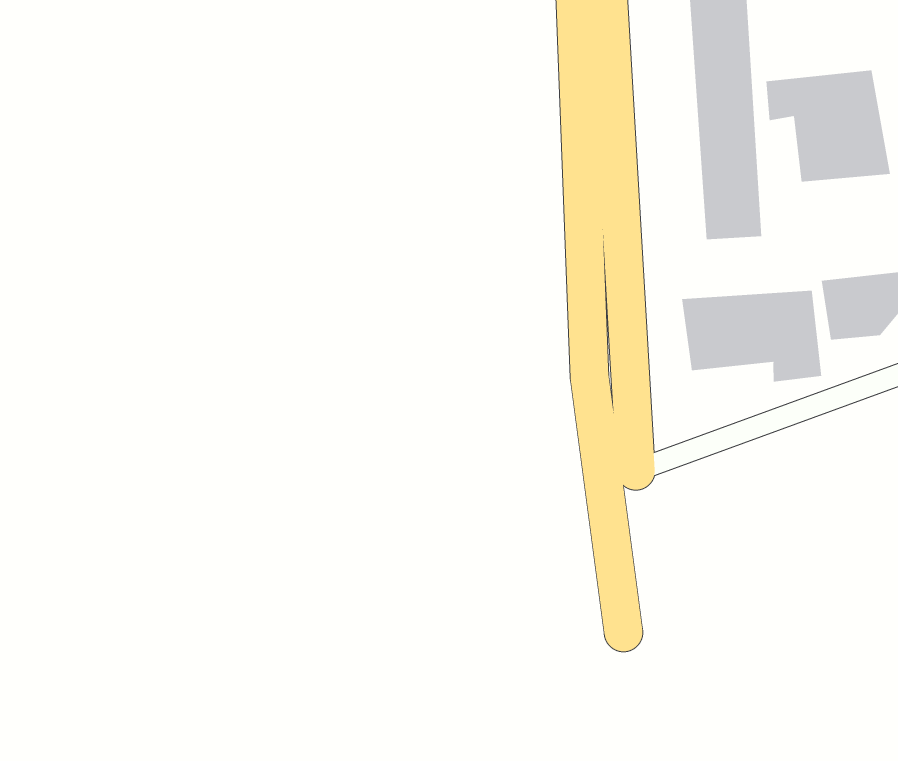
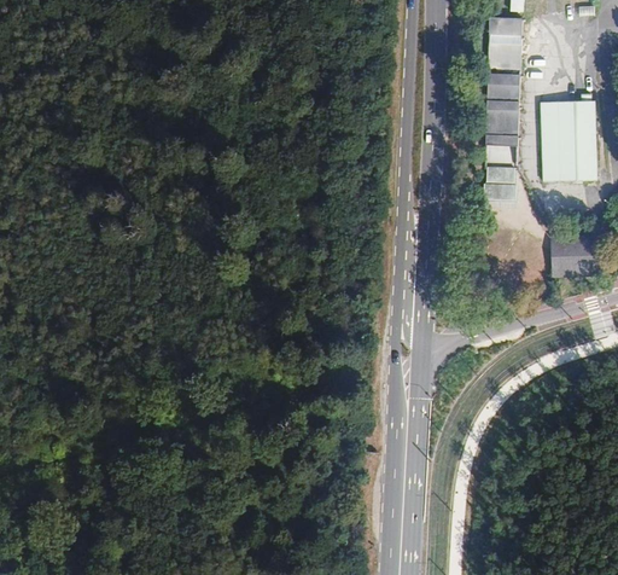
building: [681,290,822,382] -> none

